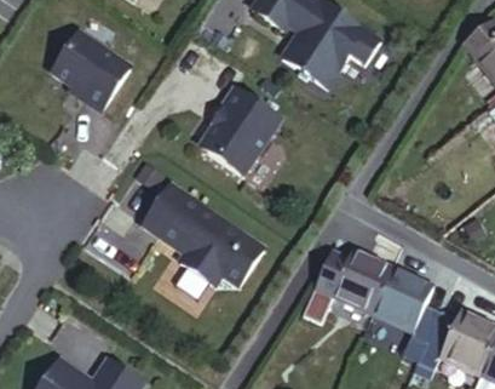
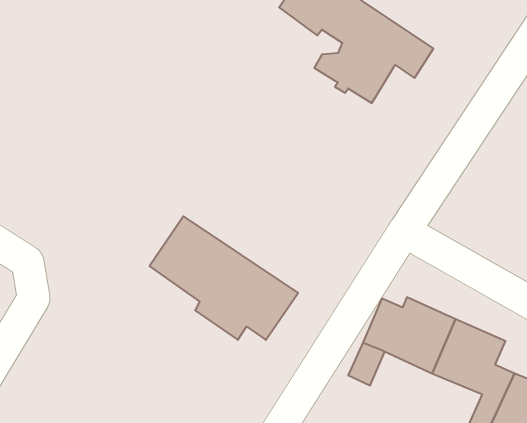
building: [52,32,131,110] -> none
building: [206,88,282,176] -> none

